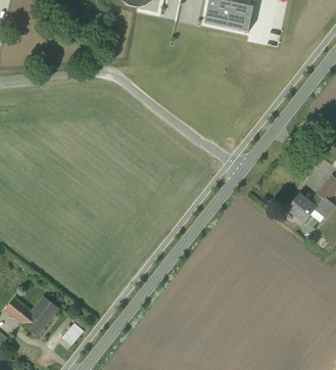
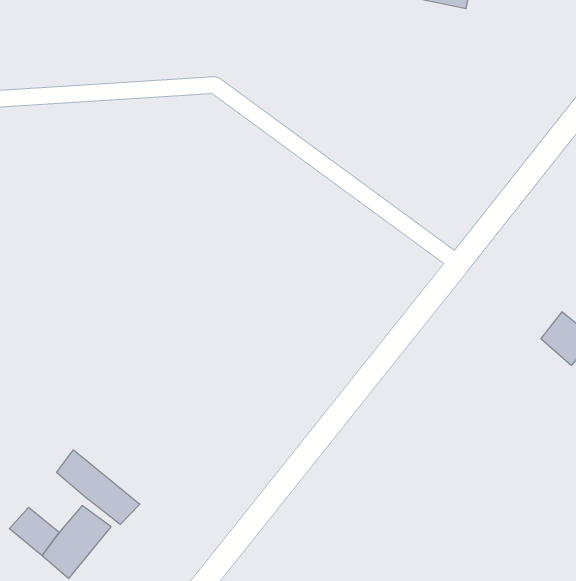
building: none -> [57,450,140,525]

